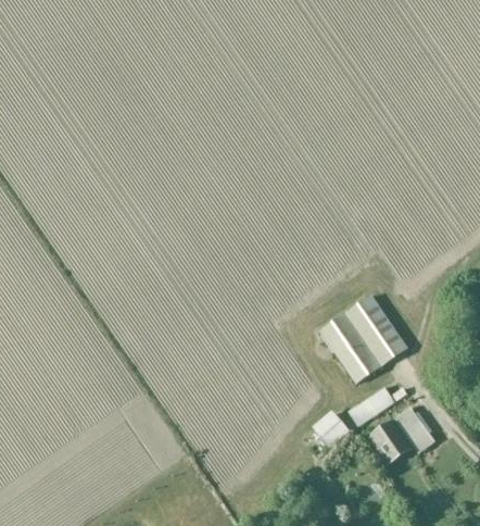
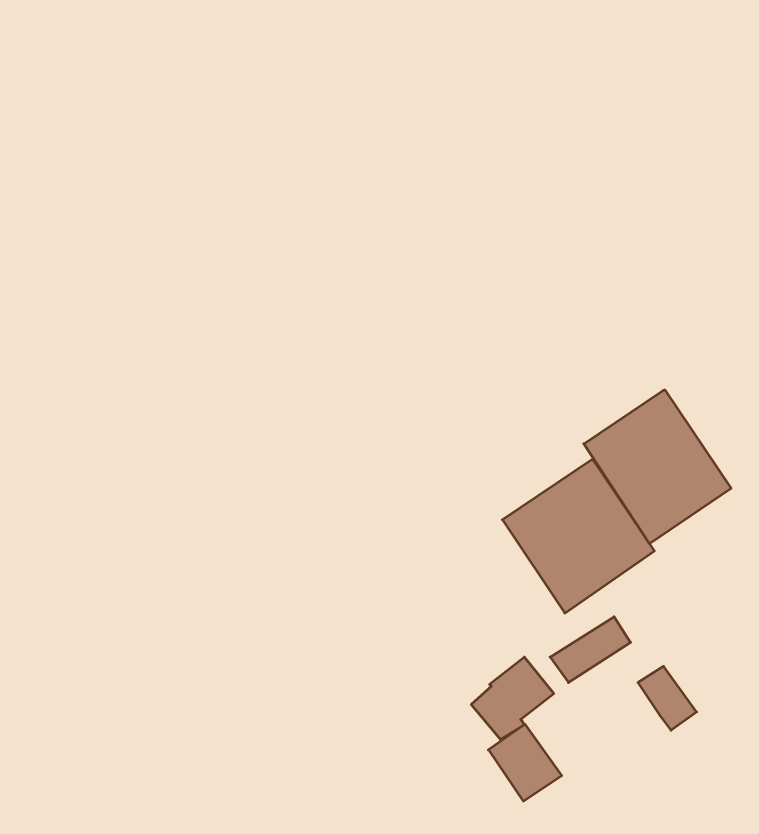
building: none -> [584,390,731,544]
building: [369,417,413,463] -> [488,724,562,801]

